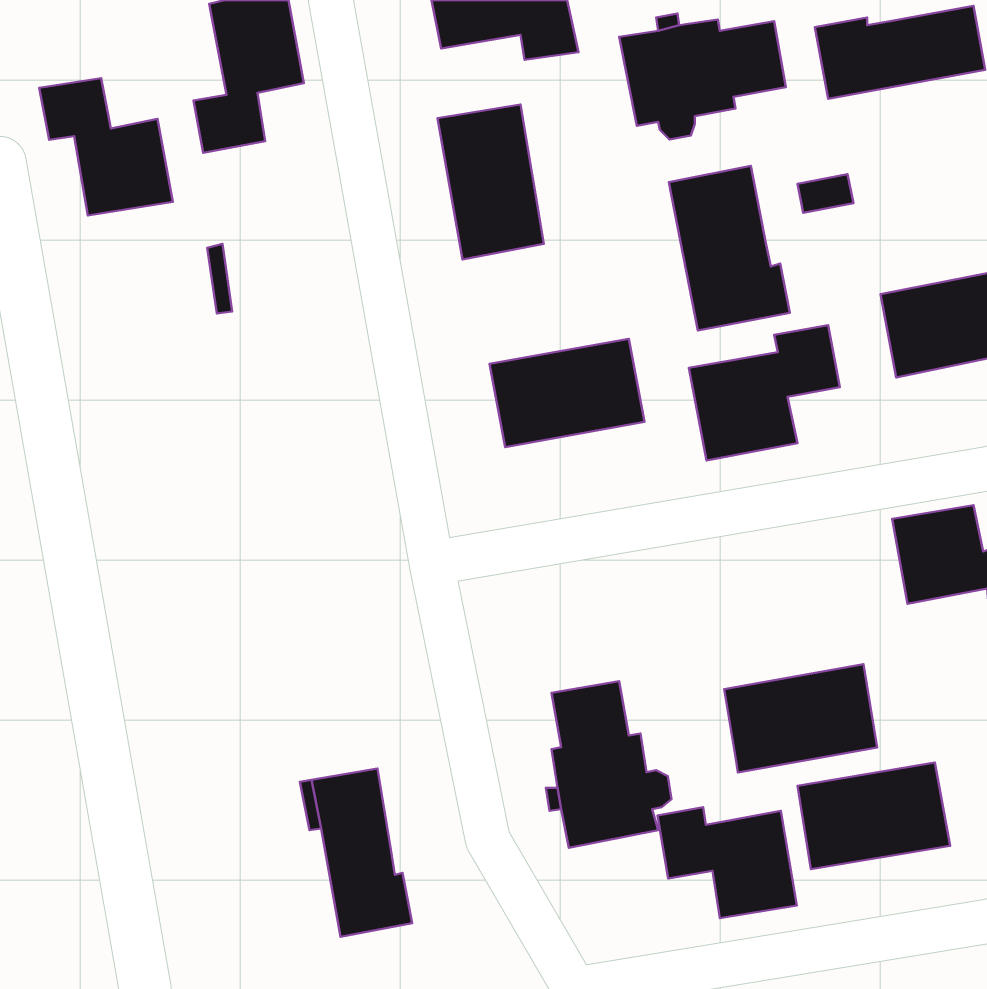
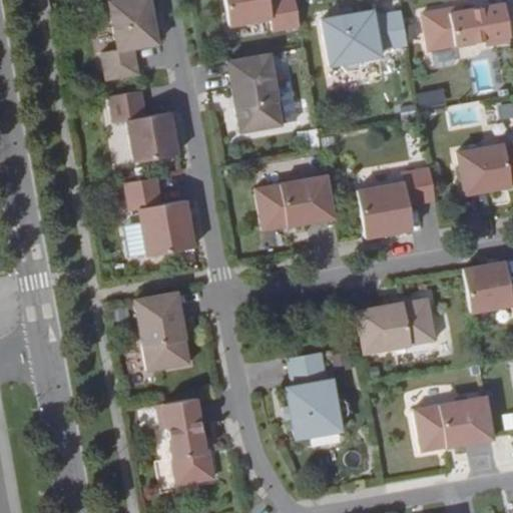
building: [39,78,173,215] -> [109,91,178,162]
building: [669,166,790,330] -> none
building: none -> [125,177,194,255]
building: none -> [134,292,189,372]
building: [724,664,877,773] -> [356,297,435,353]
building: [658,807,797,918] -> none

